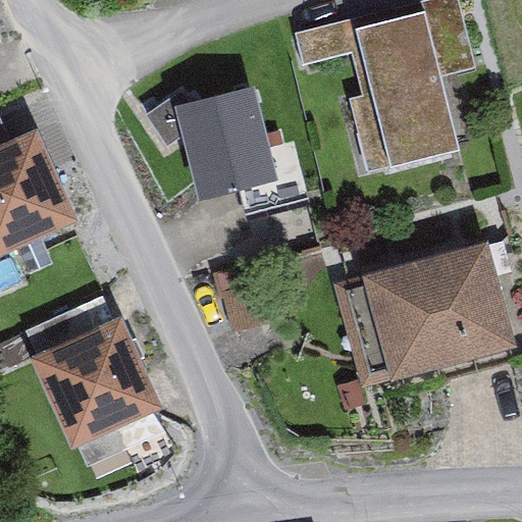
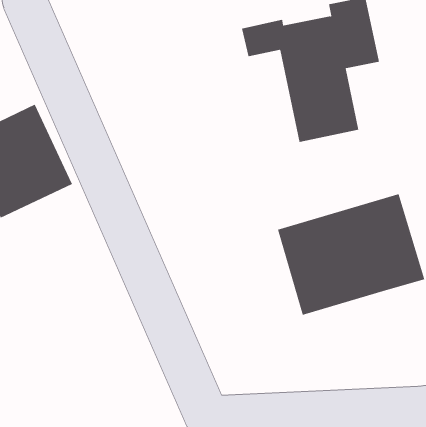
building: [177,83,308,219] -> none
building: [38,324,151,455] -> none

